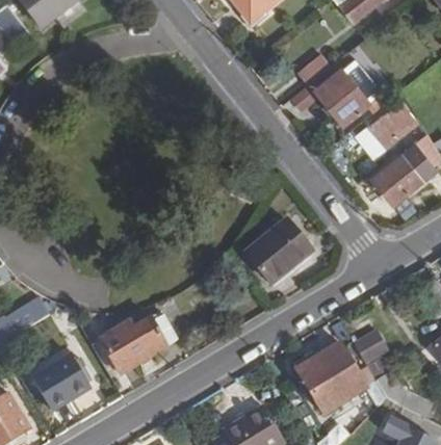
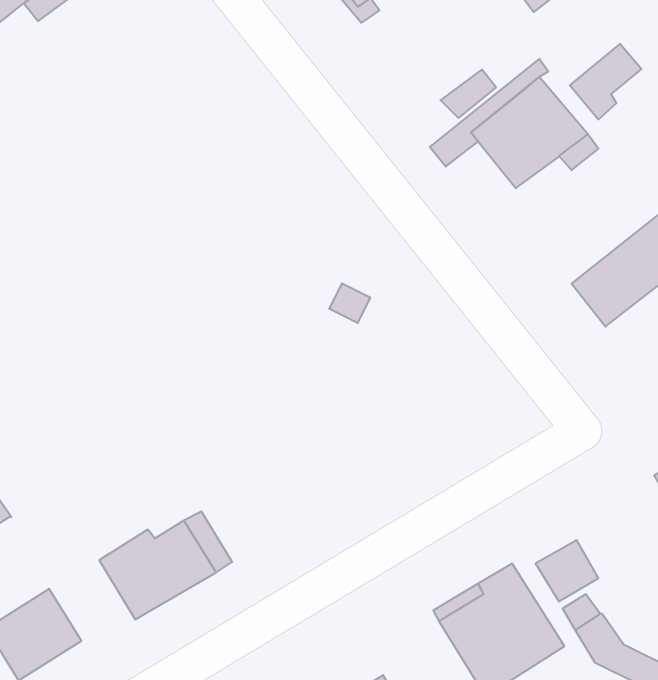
building: [370,103,412,147] -> [570,44,642,119]
building: [245,218,311,282] -> none

